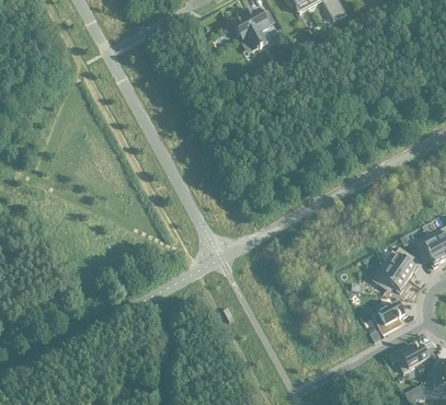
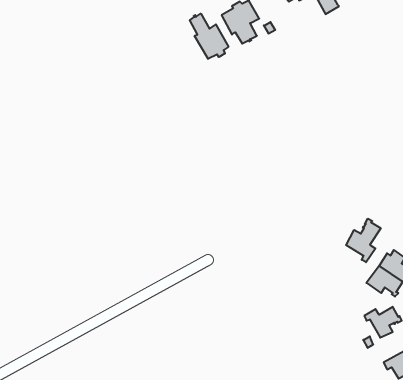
building: none -> [190,14,228,59]
building: none -> [346,219,381,262]

